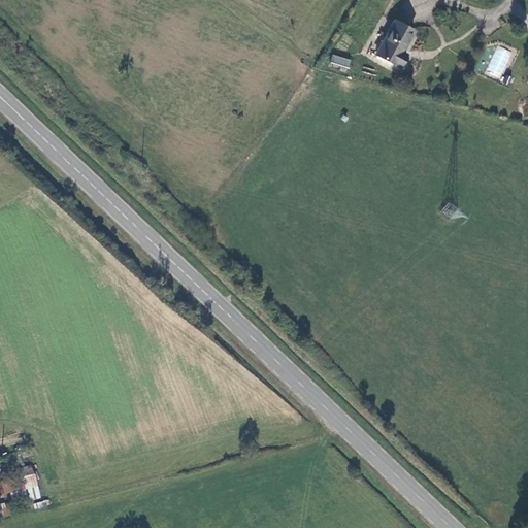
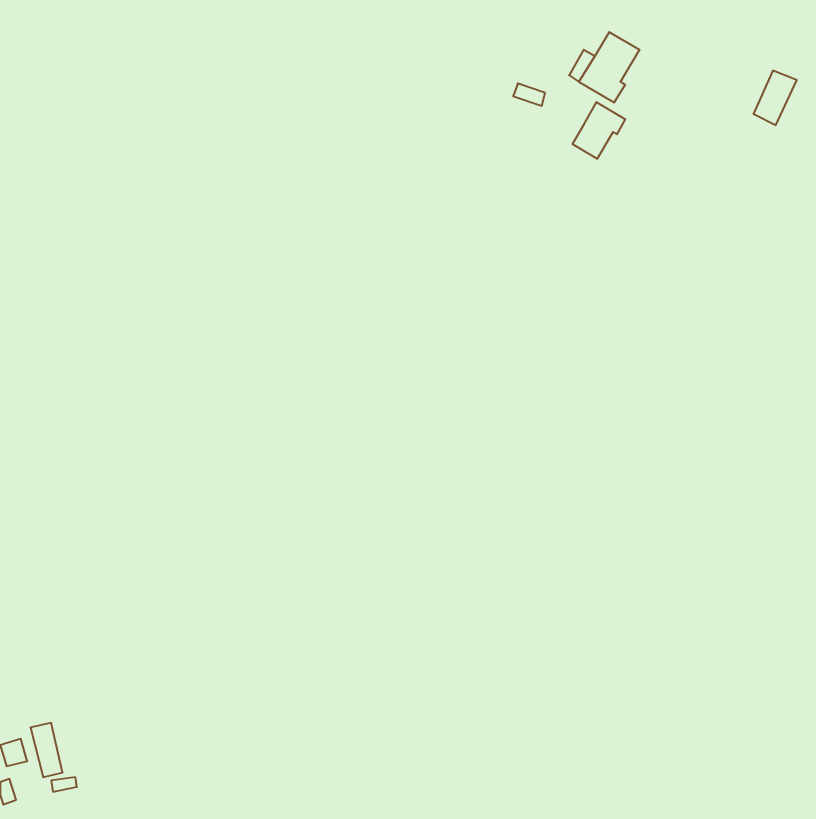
building: none -> [573,102,625,159]

